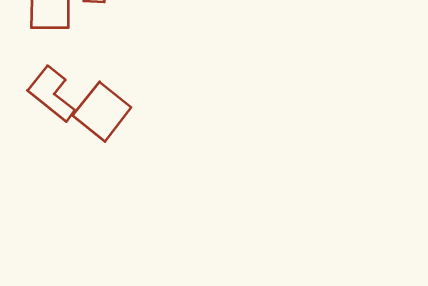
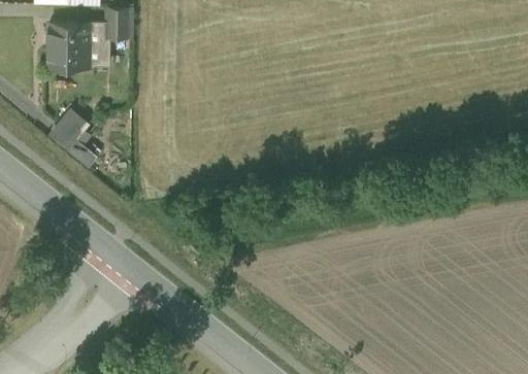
building: [72,82,131,142] -> none

